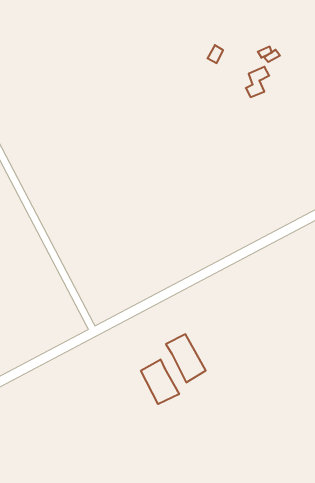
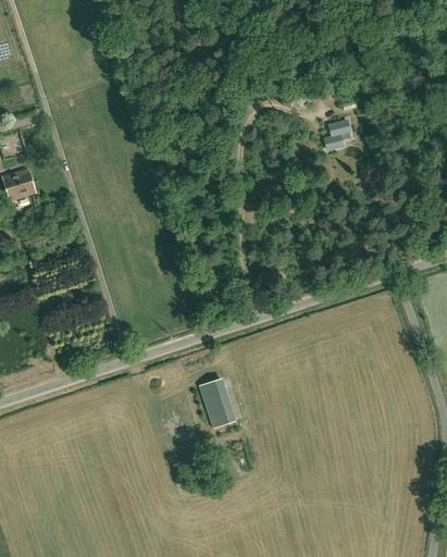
building: [141,359,179,404] -> none

